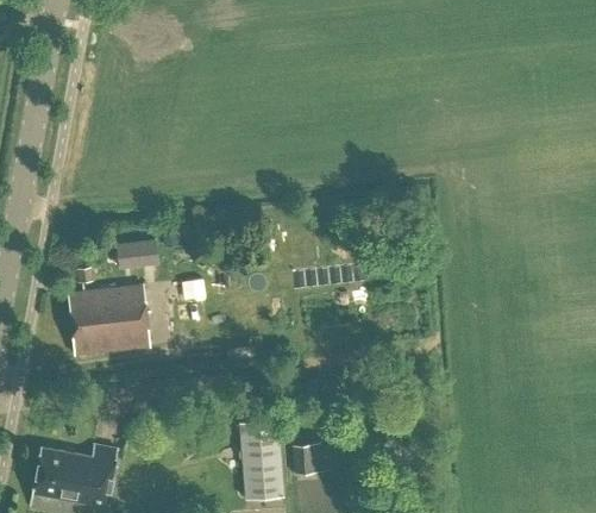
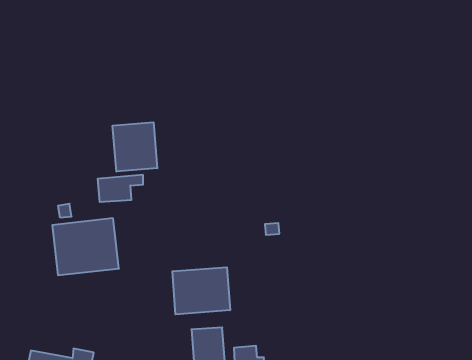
building: none -> [113,122,157,172]
building: none -> [172,267,230,314]

